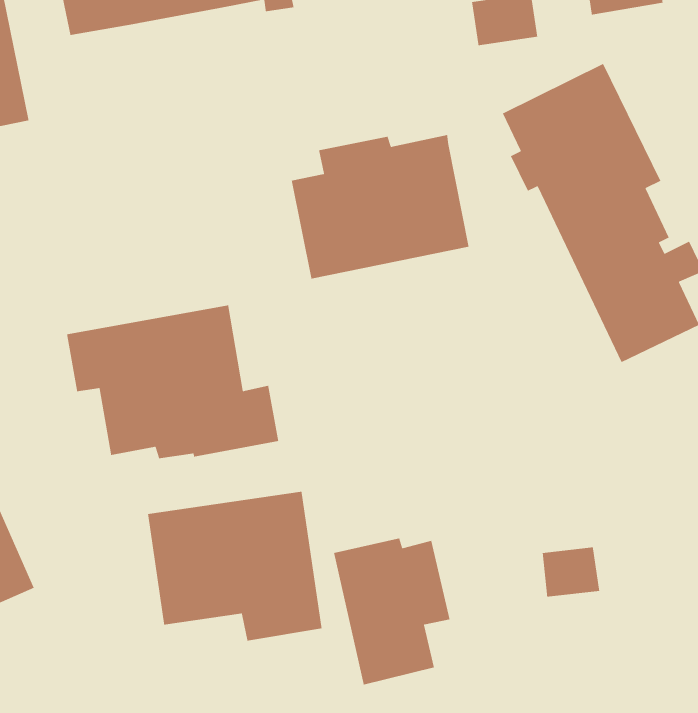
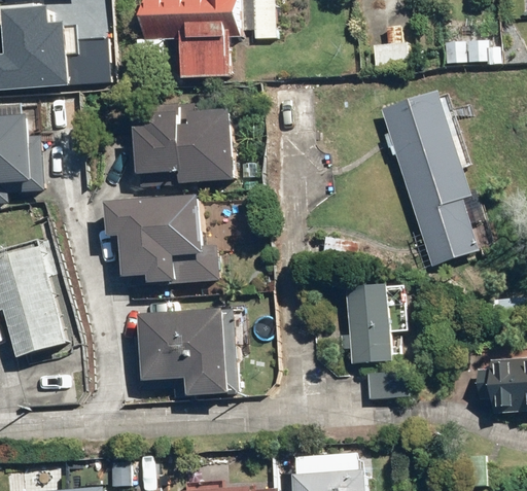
building: none -> [175,26,231,74]
building: [291,134,470,279] -> [137,106,236,183]
building: [333,537,450,685] -> [340,275,402,358]

